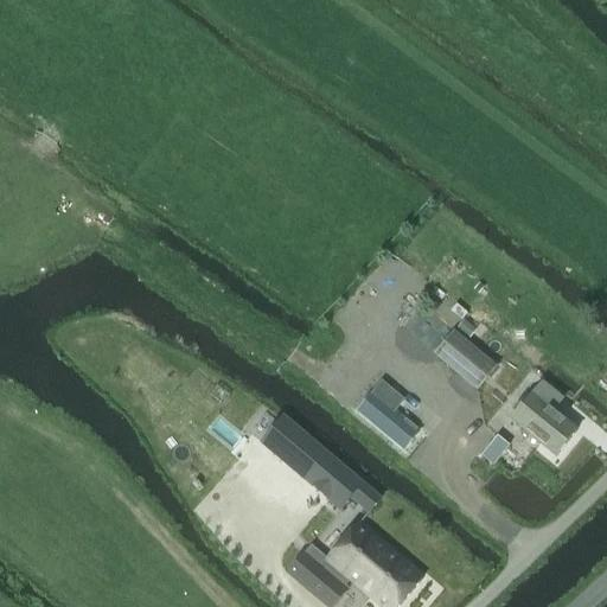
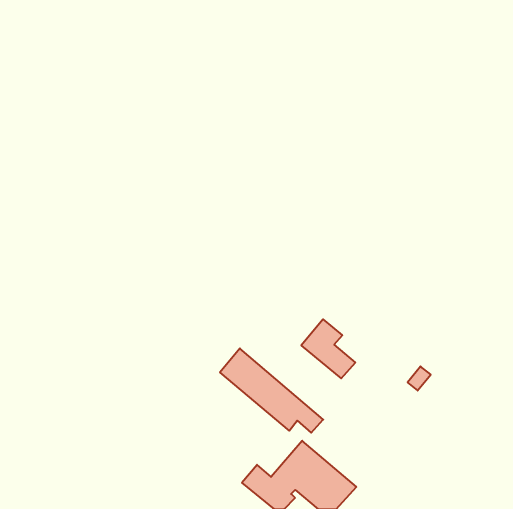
building: [434,330,494,386] -> none
building: [511,379,576,453] -> none

